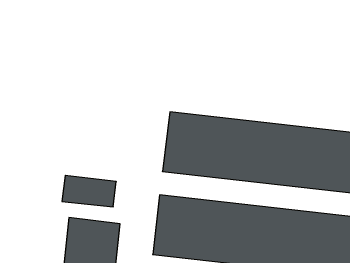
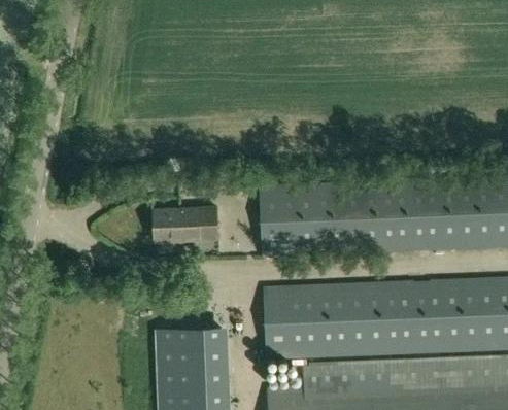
building: [62,175,116,207] -> [155,209,218,243]

